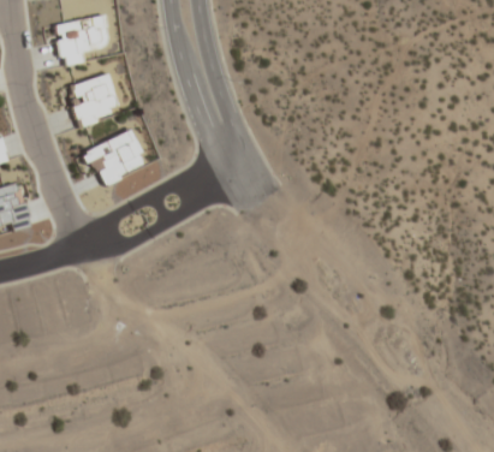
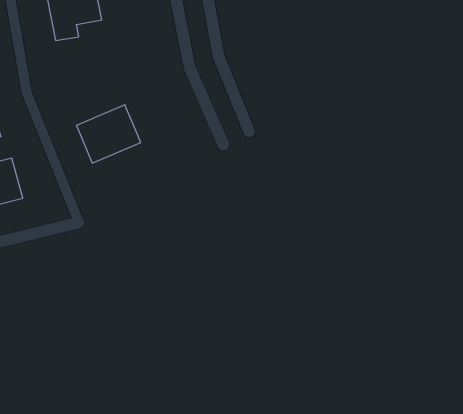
building: [66,73,119,125] -> none

